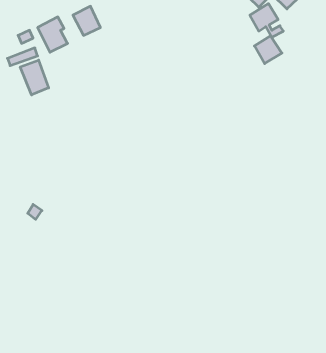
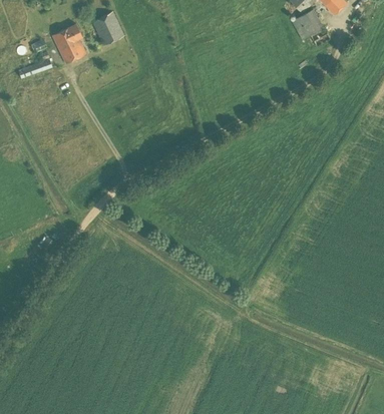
building: [254,36,282,64] -> none
building: [20,60,49,95] -> none

